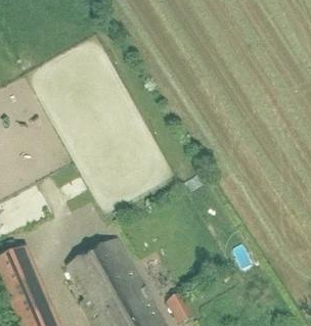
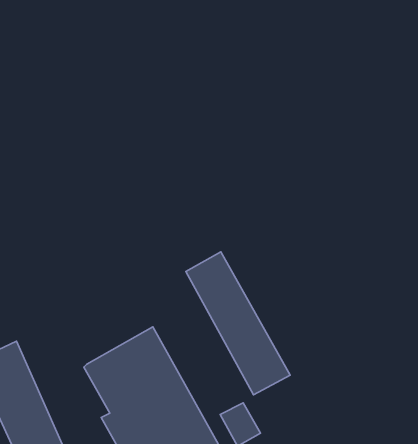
building: none -> [186,252,290,395]

